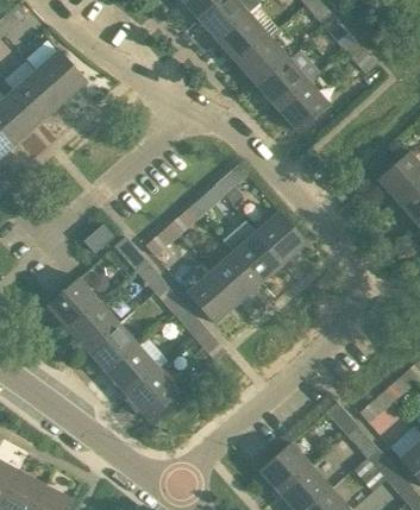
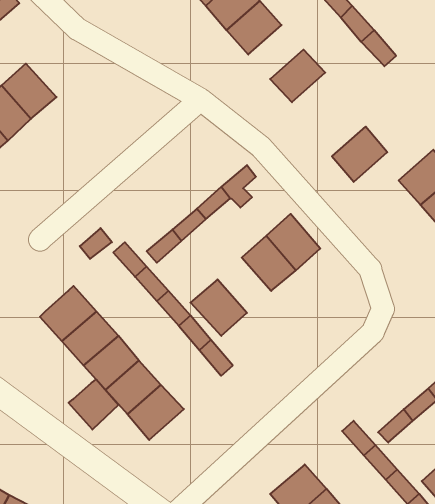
building: [239,36,290,86] -> none
building: [33,49,87,102] -> none
building: [280,80,331,131] -> [332,127,387,182]
building: [211,251,261,302] -> none
building: none -> [69,379,119,430]

